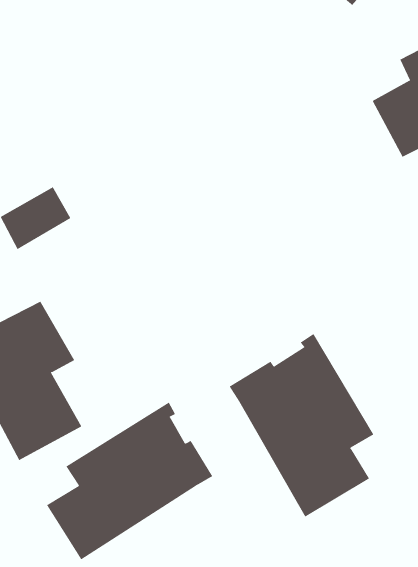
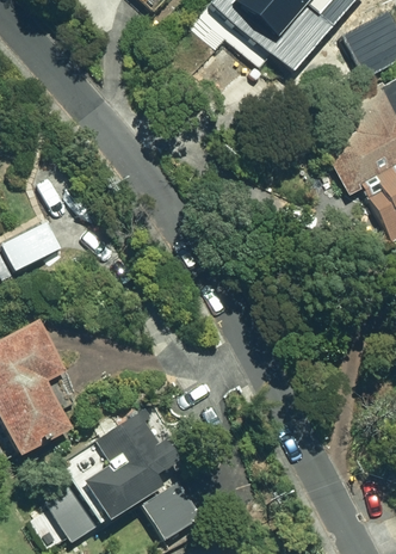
building: [229,333,374,517] -> none
building: none -> [140,479,204,541]

